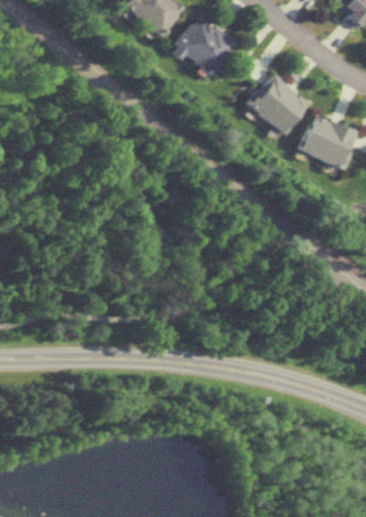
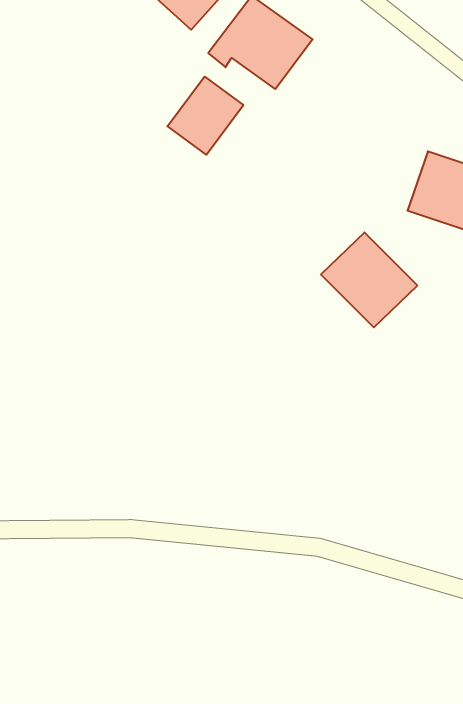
building: none -> [167,77,243,155]
building: [247,73,309,134] -> [321,232,417,327]

